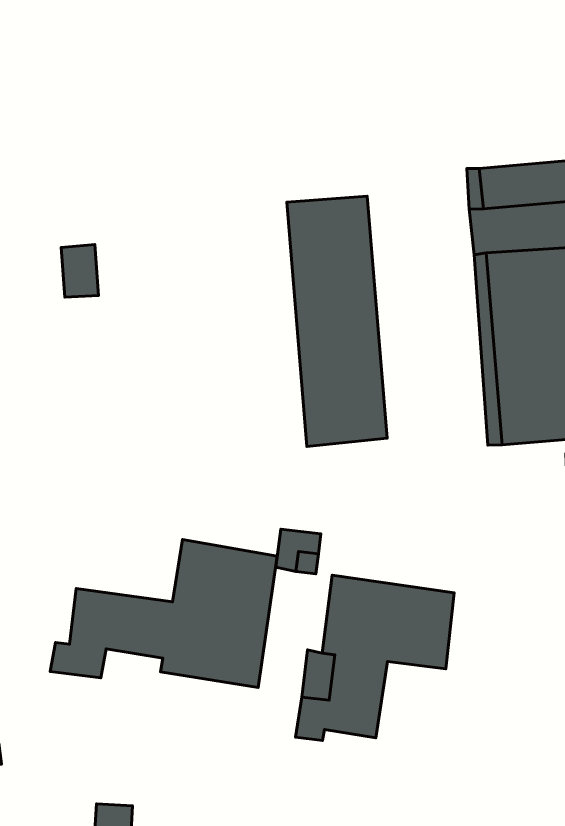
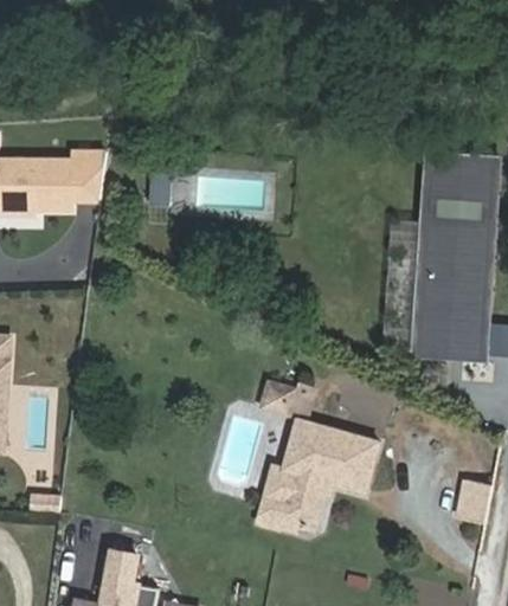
building: [287,196,387,446] -> none
building: [50,539,277,687] -> none

